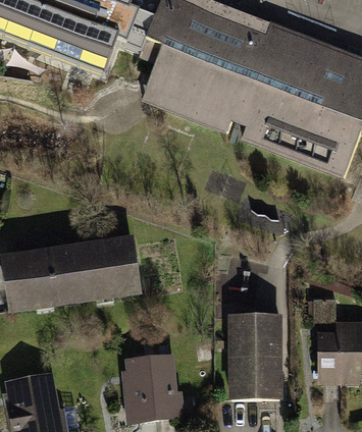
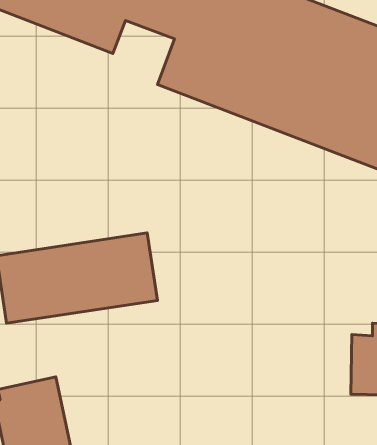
building: [227,307,285,395] -> none
building: [122,354,185,419] -> none

